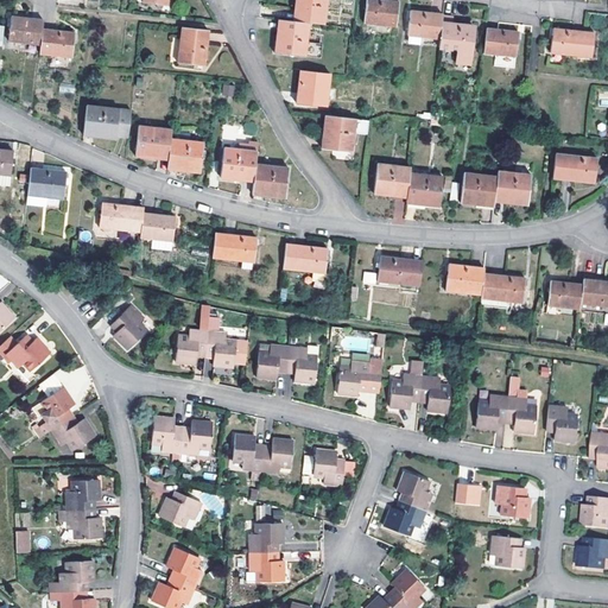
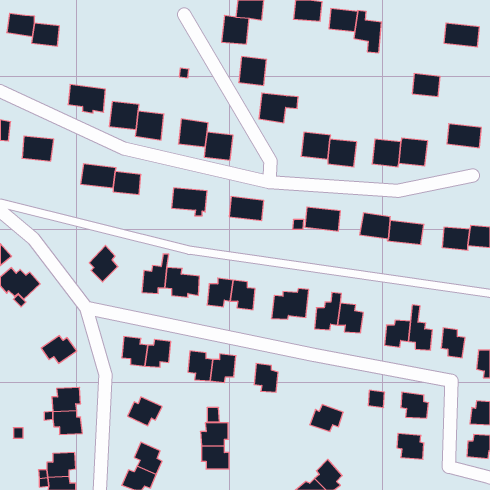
building: [177,27,209,65] -> none
building: [483,28,518,57] -> [412,74,440,97]
building: [40,387,75,431] -> none
building: [397,473,431,511] -> none

